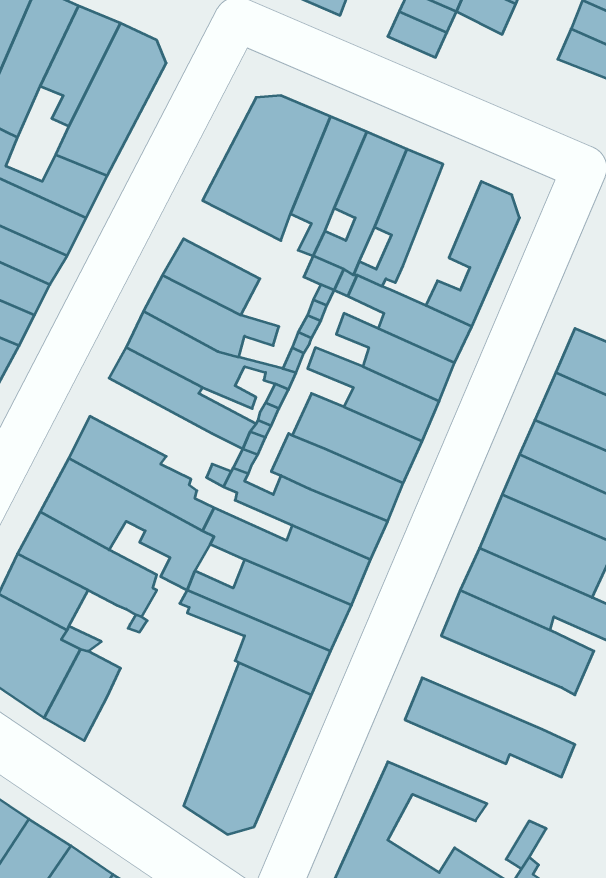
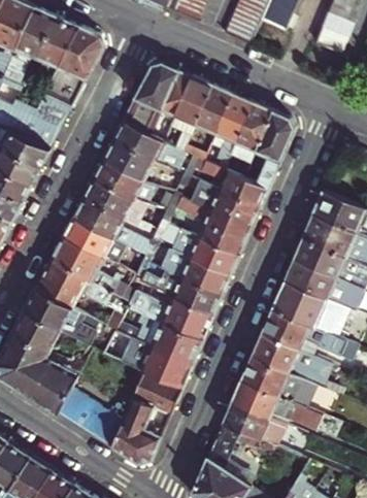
building: none -> [230,101,272,164]
building: none -> [111,121,164,163]
building: none -> [61,217,127,266]
building: none -> [240,356,315,406]
building: none -> [58,389,120,446]
building: none -> [222,401,286,446]

